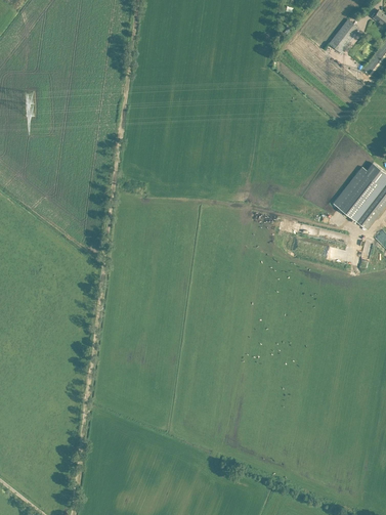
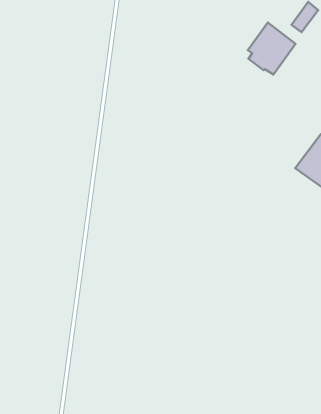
building: none -> [248,22,296,74]

